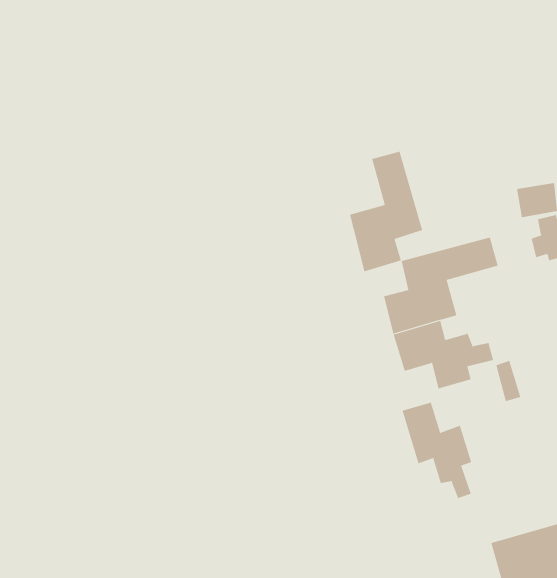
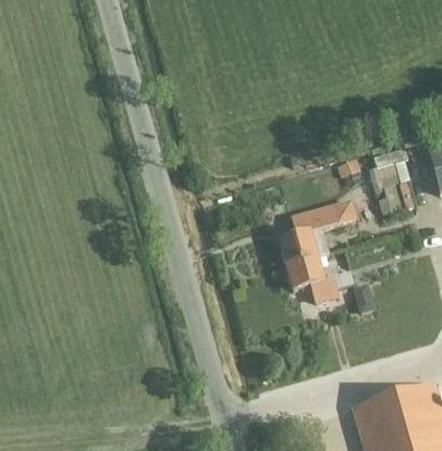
building: [349,151,423,272] -> none
building: [402,402,472,499] -> none

